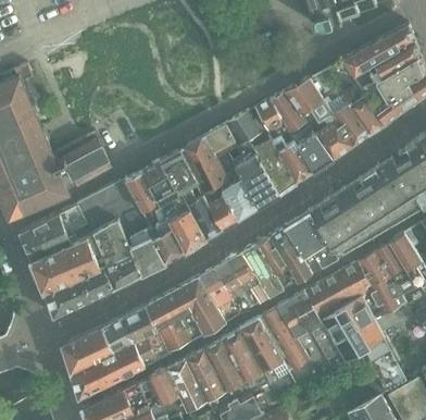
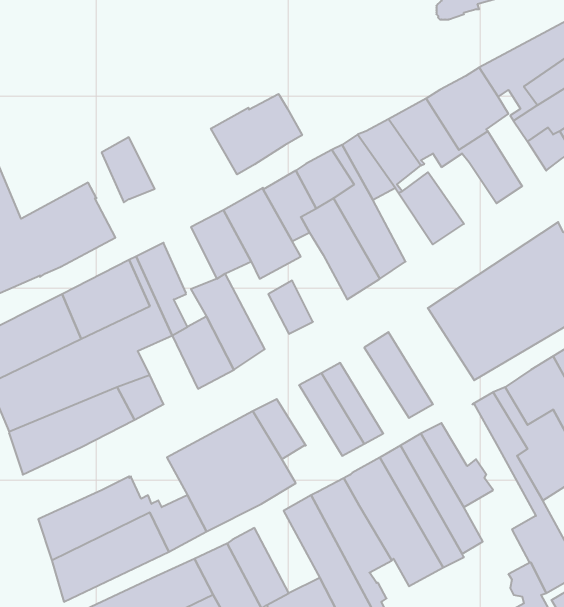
building: none -> [211,94,302,174]
building: [346,89,384,135] -> none
building: [314,120,352,159] -> none
building: [274,136,312,183] -> none
building: [141,161,175,202] -> [102,137,155,202]
building: [221,178,258,221] -> none
building: [180,183,221,238] -> none
building: [284,212,338,273] -> none
building: [125,230,163,273] -> none
building: [253,237,297,292] -> none
building: [213,261,254,314] -> none
building: [317,273,377,362] -> none
building: [120,307,156,338] -> none
building: [199,341,240,393] -> none

